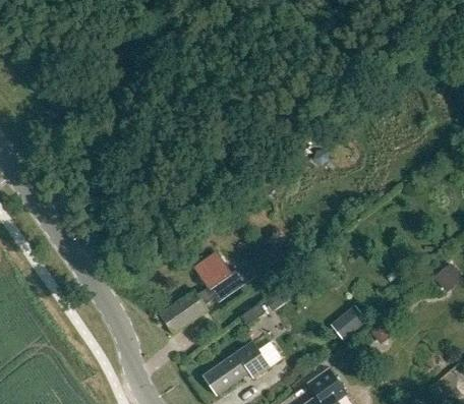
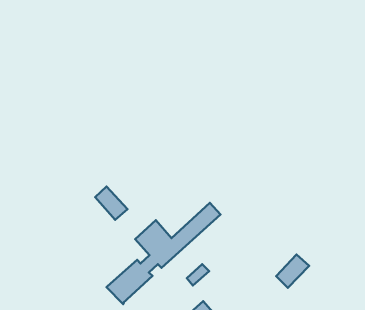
building: none -> [95,187,127,220]

